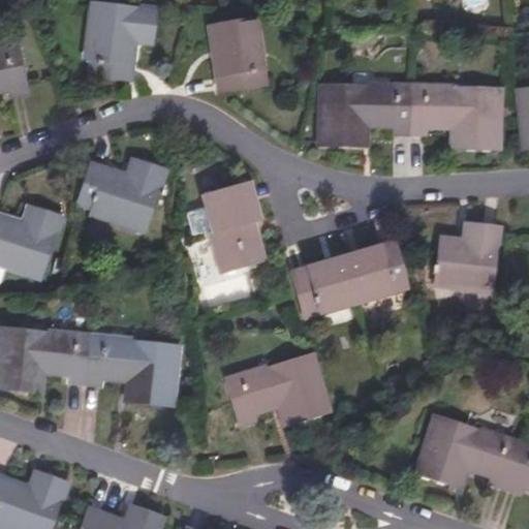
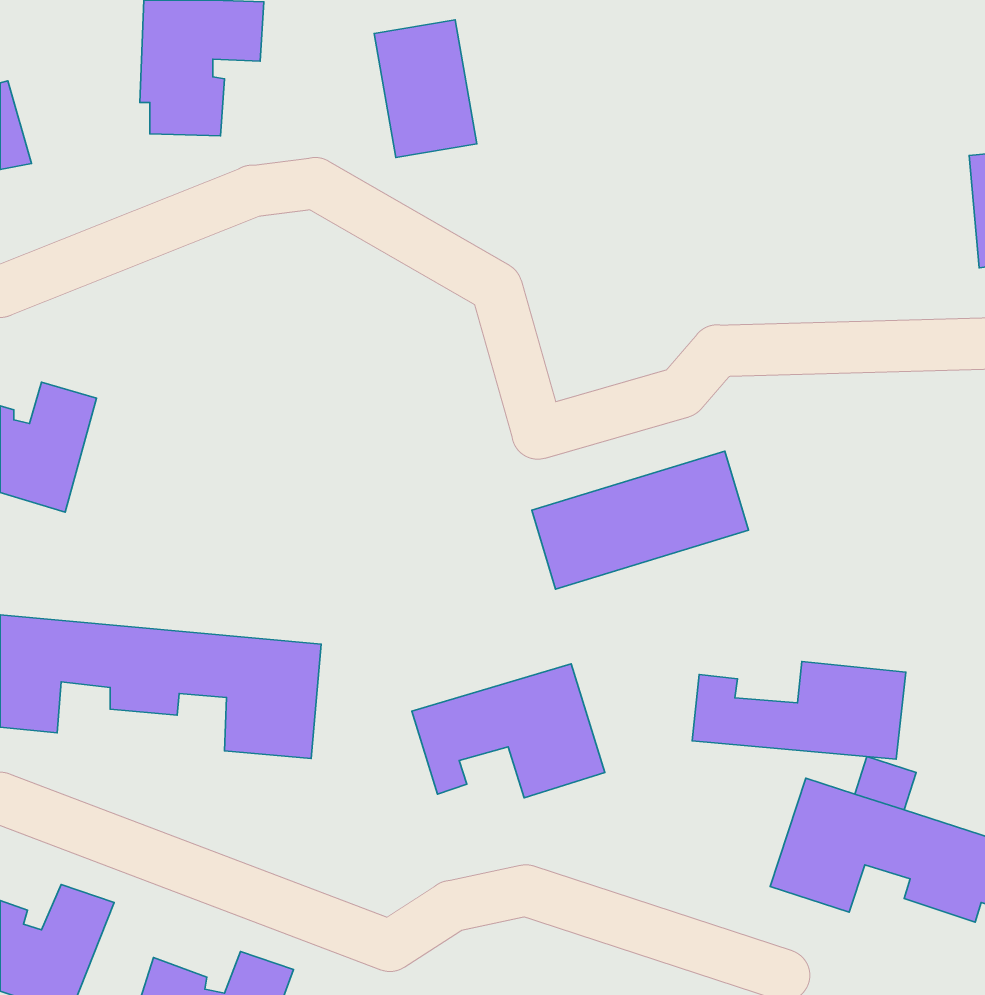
building: [320,87,498,147] -> none
building: [84,158,166,224] -> none
building: [208,184,266,272] -> none
building: [434,223,496,287] -> none
building: none -> [692,662,906,759]

